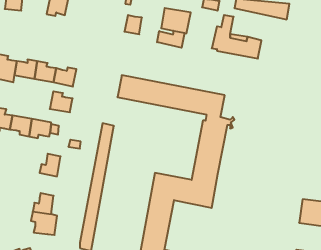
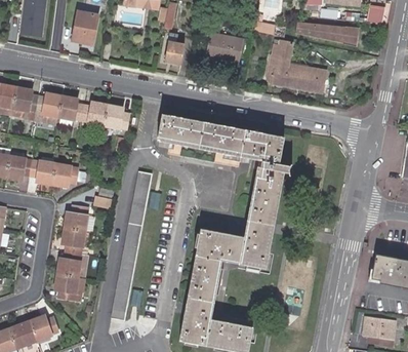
building: [157,31,185,48] -> none
building: [50,91,73,112] -> [104,105,130,129]
building: none -> [63,227,85,253]

